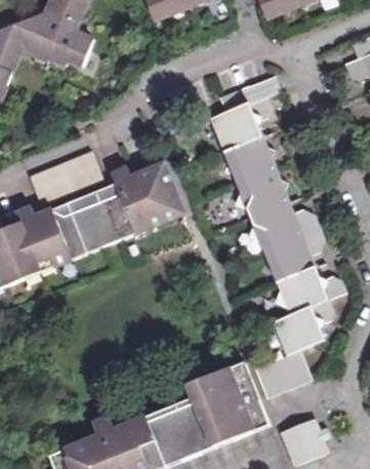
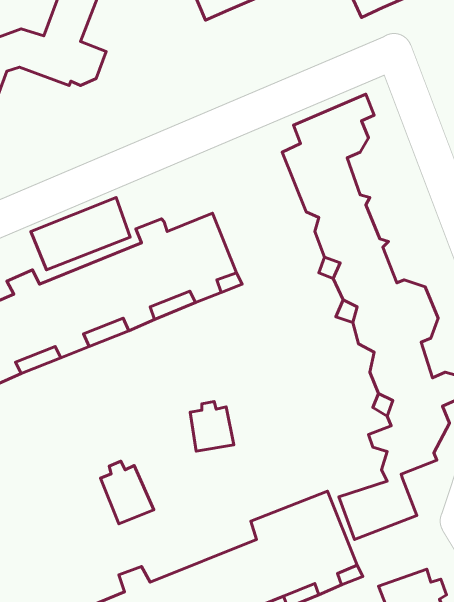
building: none -> [190,402,234,451]
building: none -> [101,461,154,524]

